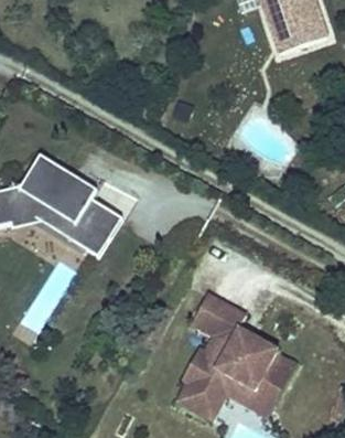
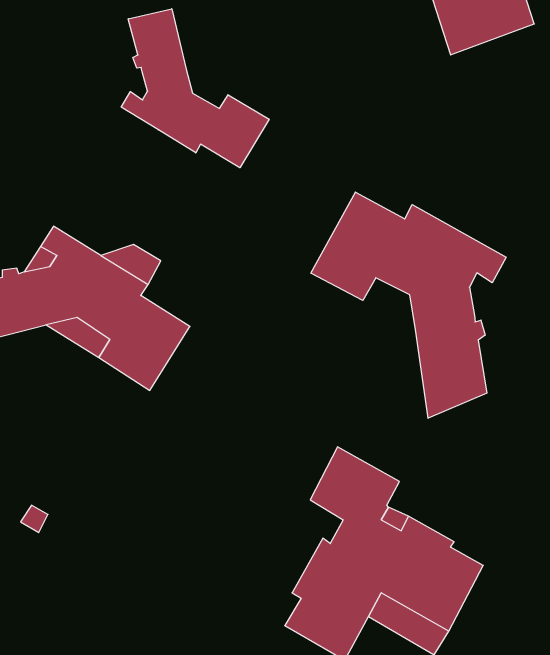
building: none -> [121,9,269,168]
building: none -> [311,192,506,418]

